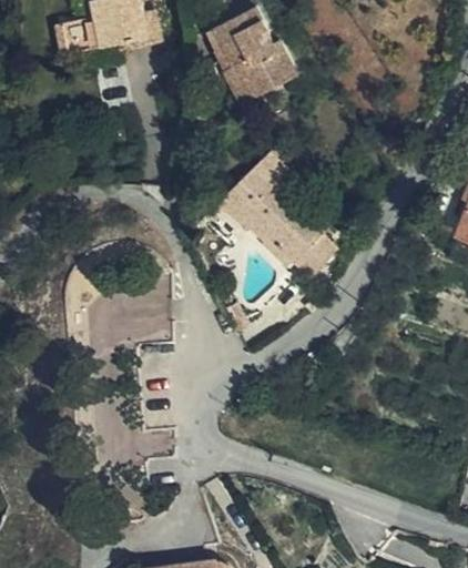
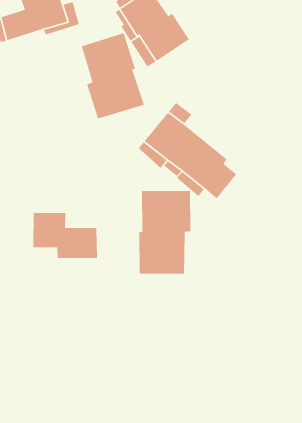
building: none -> [81,32,145,119]
building: none -> [139,190,191,274]

